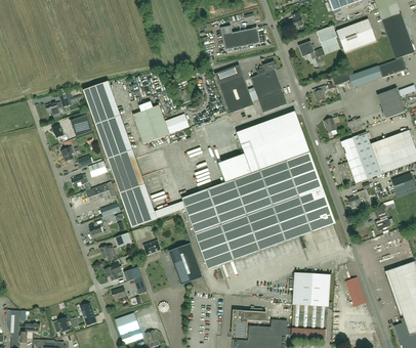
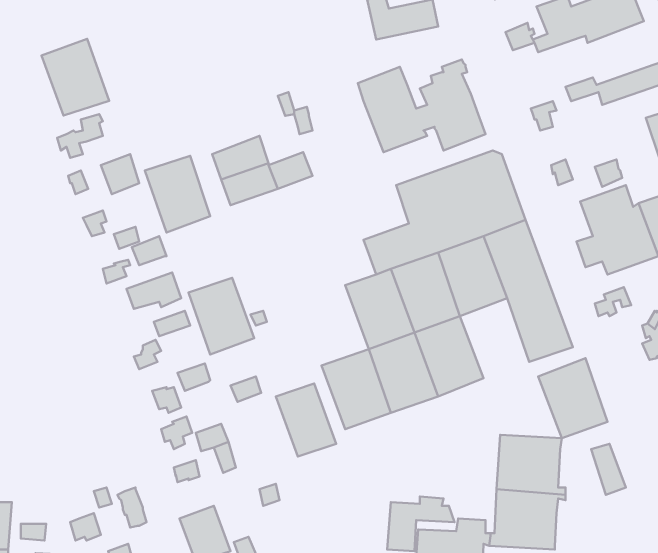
building: [82,81,120,124] -> [42,39,109,115]
building: [107,149,143,192] -> none
building: [181,188,220,233] -> none
building: [272,195,310,241] -> [538,358,608,438]

